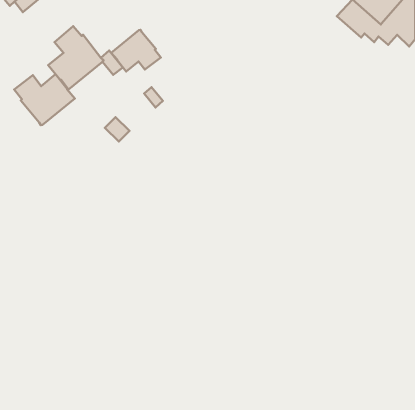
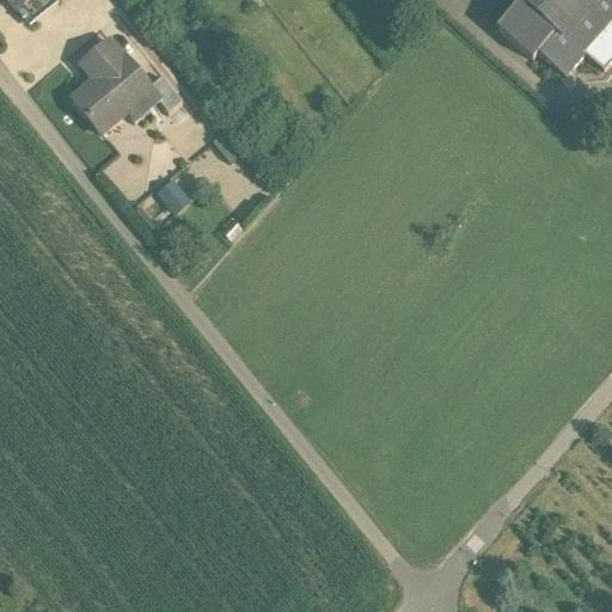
building: [111,30,161,72] -> none
building: [14,74,75,125] -> none

